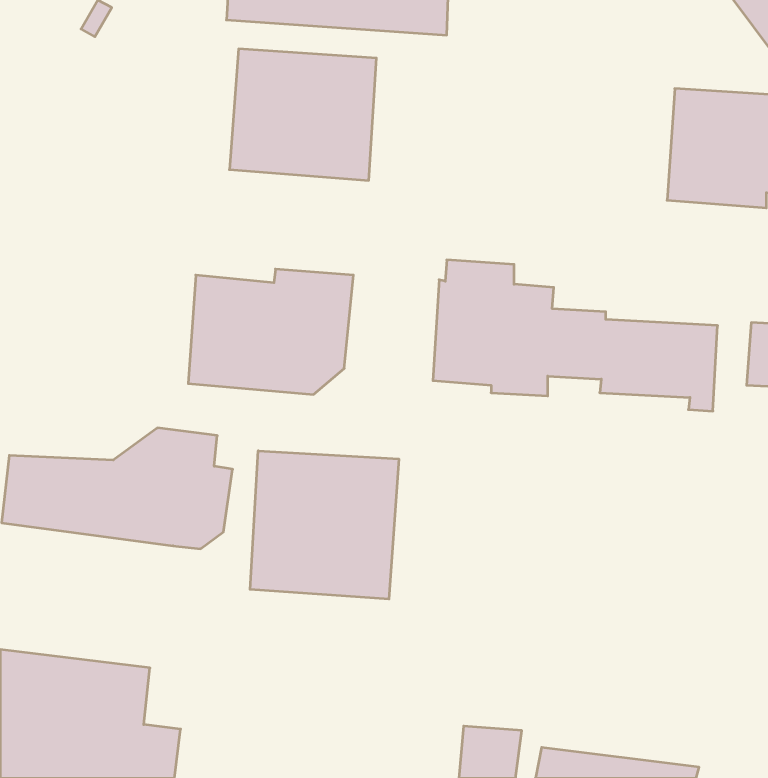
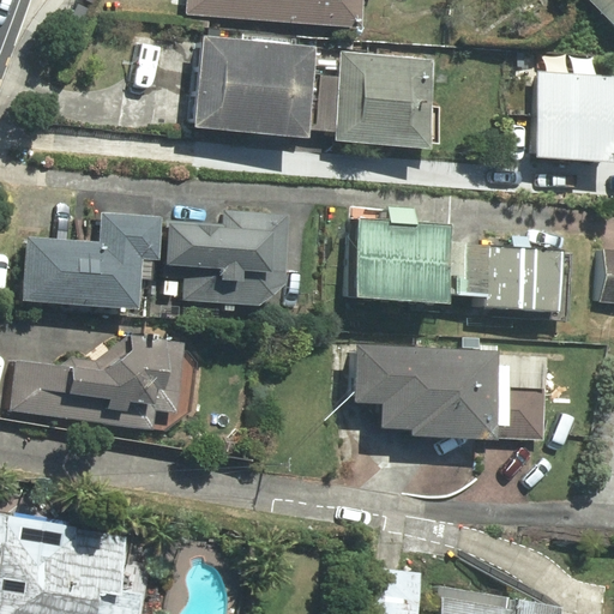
building: none -> [309,53,438,149]
building: none -> [23,215,161,314]
building: none -> [347,342,554,441]
building: [250,451,399,599] -> none

